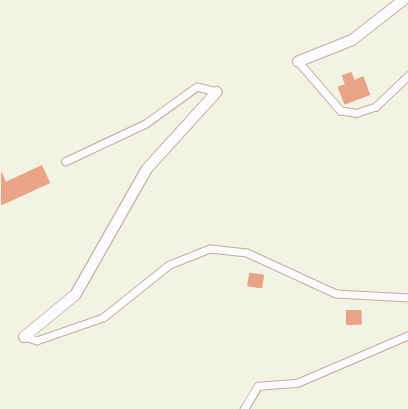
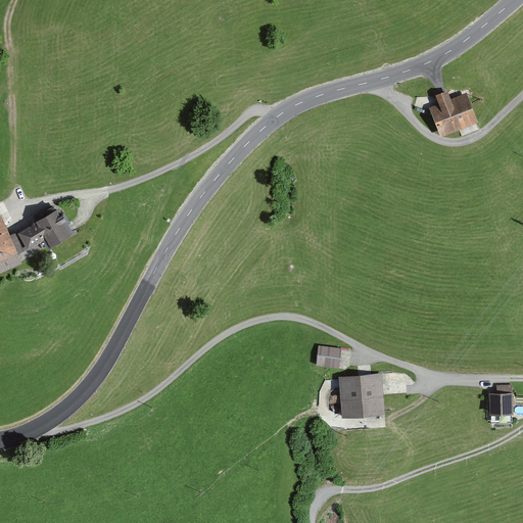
building: none -> [338,377,383,416]
building: [345,310,363,326] -> [489,396,512,417]

